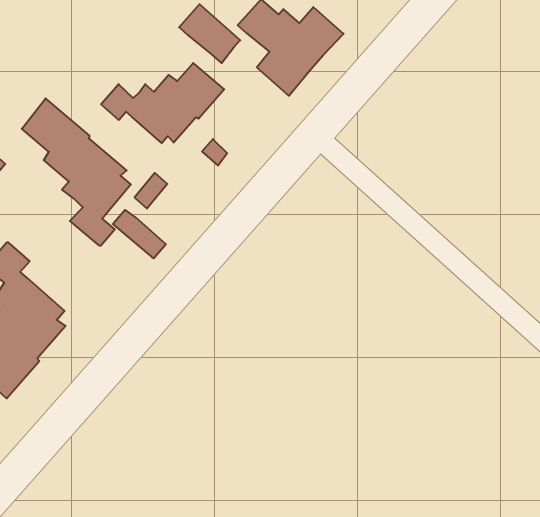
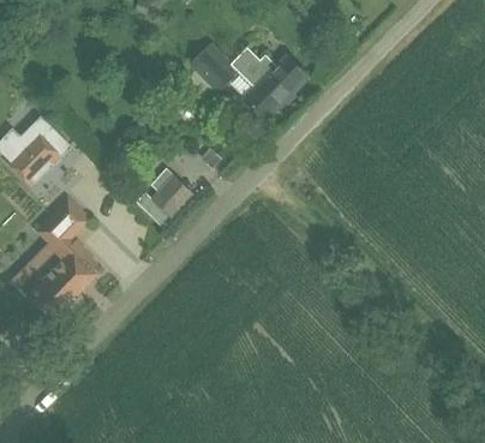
building: [101,63,224,143] -> none
building: [22,98,131,246] -> none

